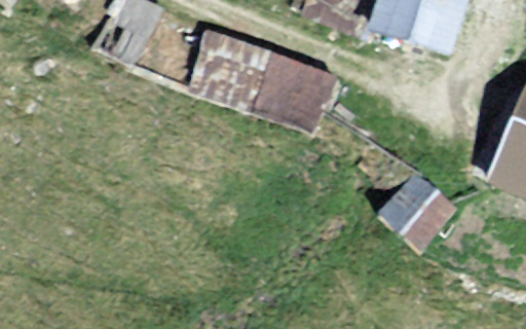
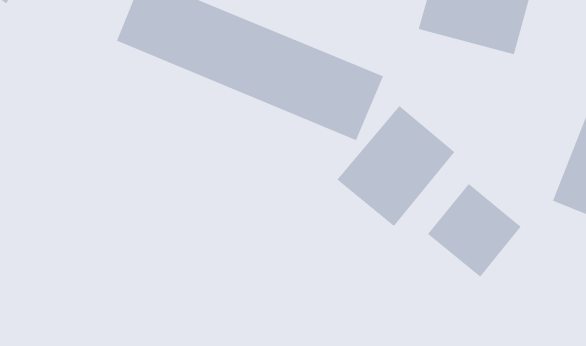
building: none -> [337,105,455,227]

